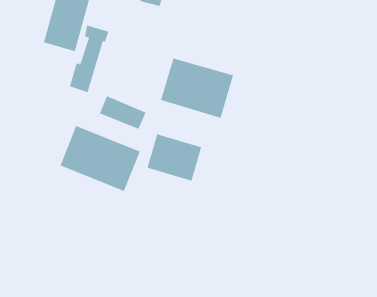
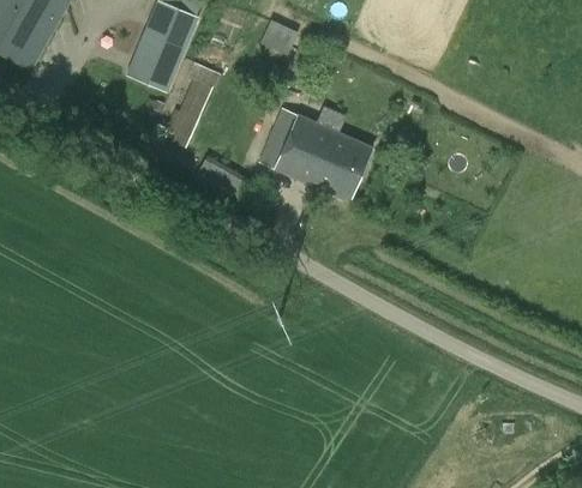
building: [60,125,140,192] -> none
building: [147,133,202,181] -> none

